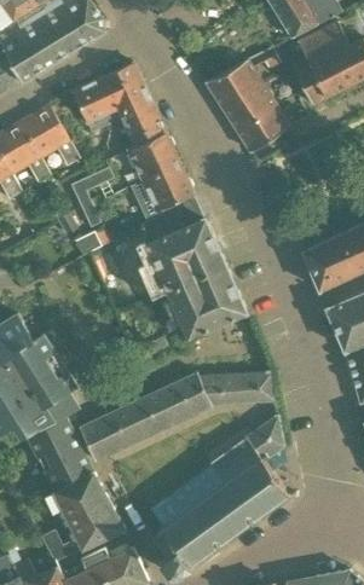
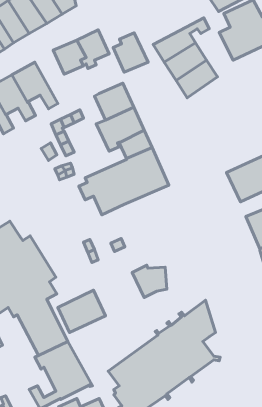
building: [120,94,166,146] -> [113,33,148,72]
building: [164,267,247,338] -> none
building: [221,371,273,404] -> none
building: [127,382,193,439] -> none

